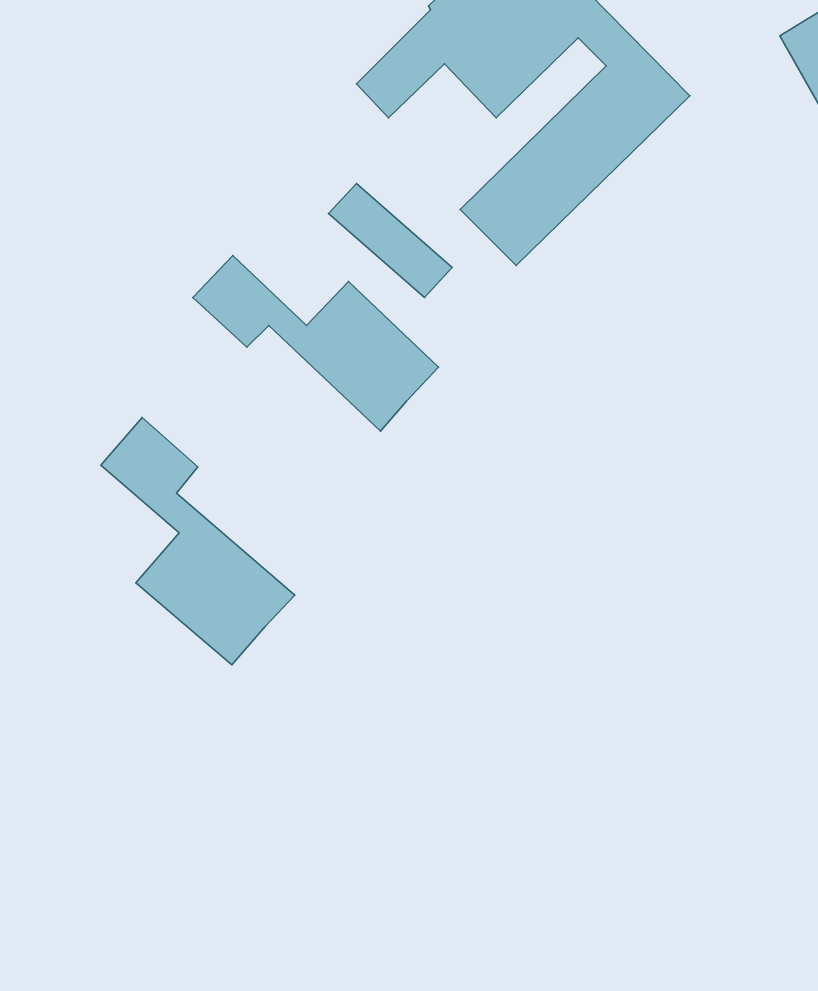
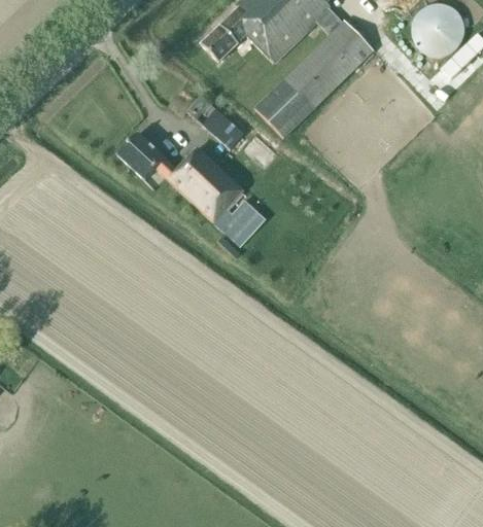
building: none -> [213,200,266,247]
building: [101,418,295,665] -> none

